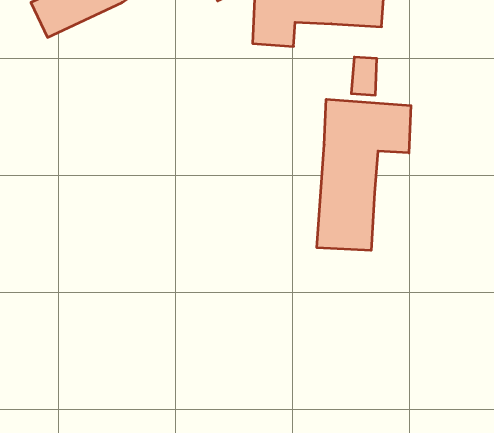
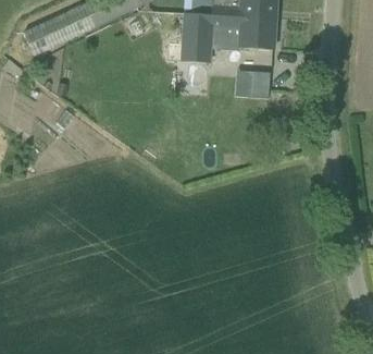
building: [317,99,411,250] -> none

